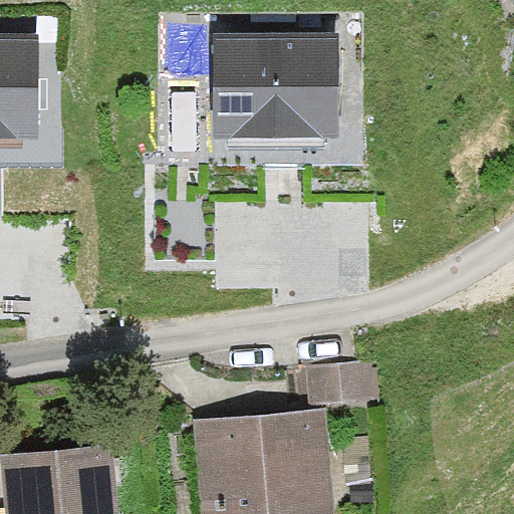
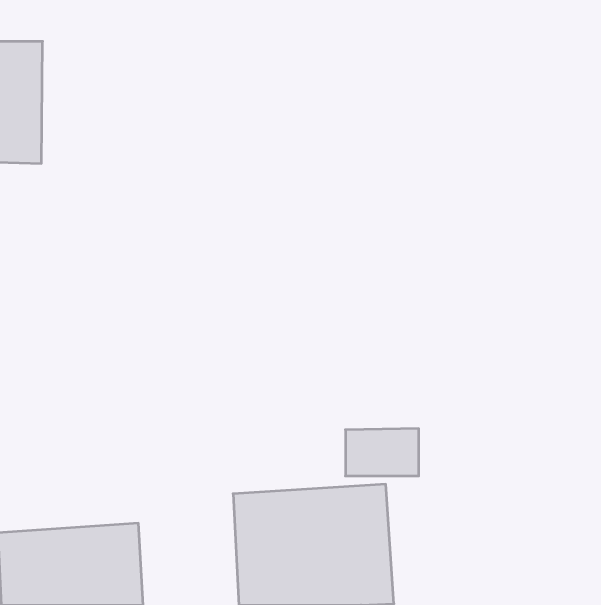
building: [212,42,338,144] -> none

